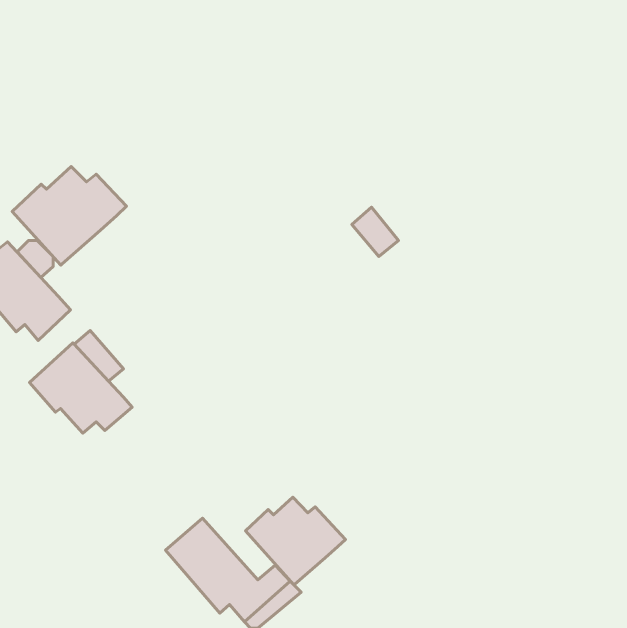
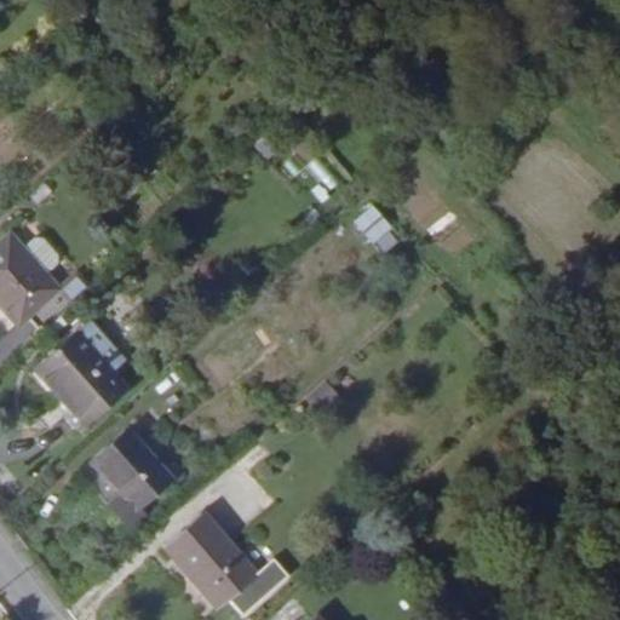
building: [12,167,126,265] -> none
building: none -> [81,429,171,544]
building: [246,497,345,585] -> none

